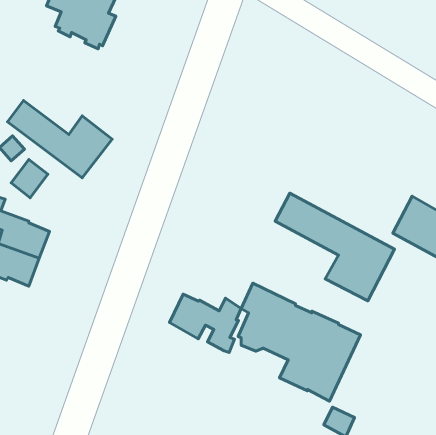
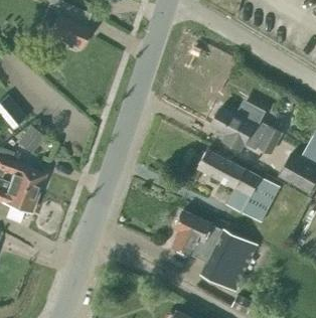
building: [7,101,112,178] -> none
building: none -> [211,100,282,153]
building: [169,294,241,353] -> none

